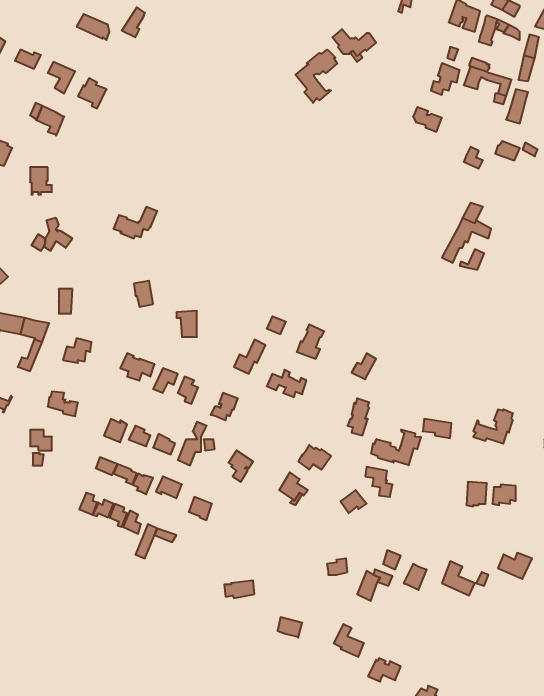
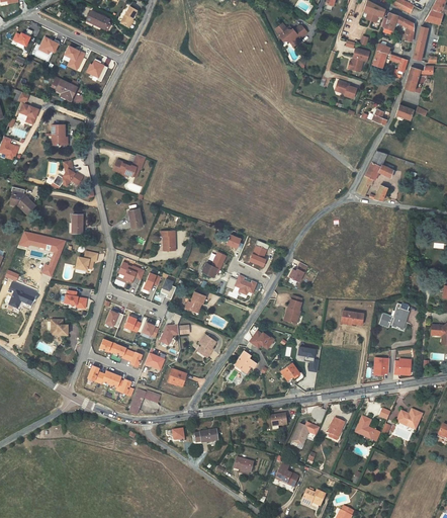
building: [295,50,337,103] -> none
building: [371,430,421,465] -> none

